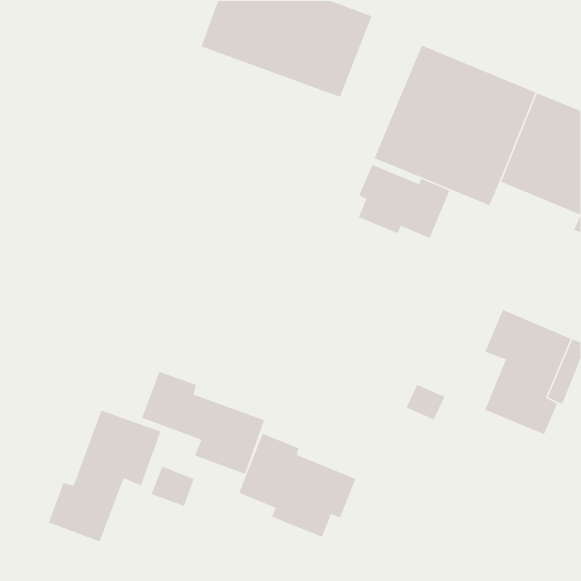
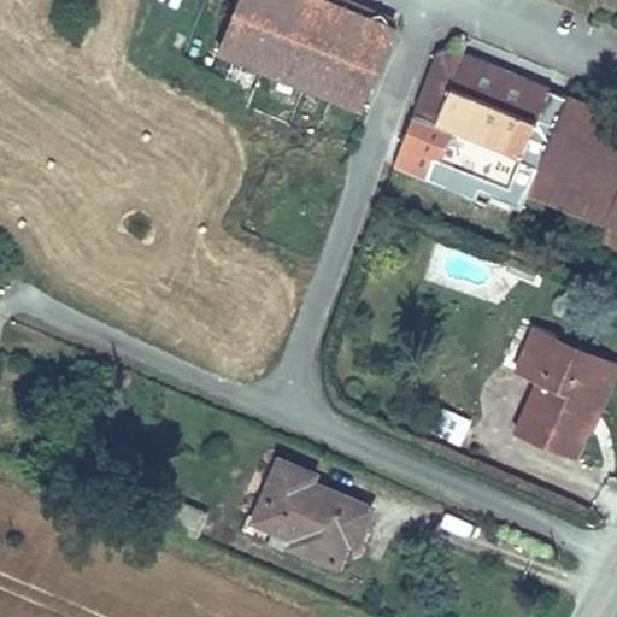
building: [358,164,450,239] -> none
building: [141,371,265,475] -> none
building: [48,409,162,543] -> none

